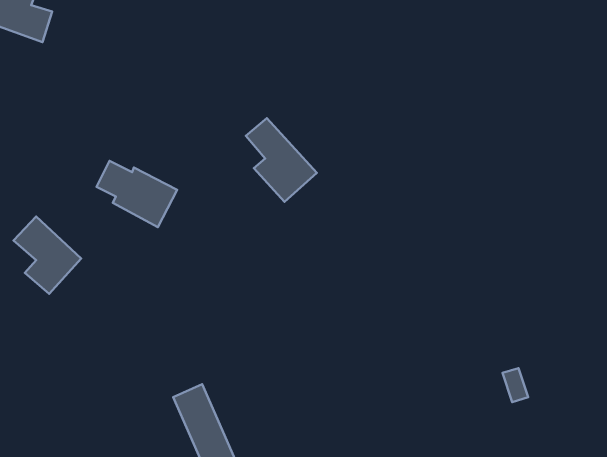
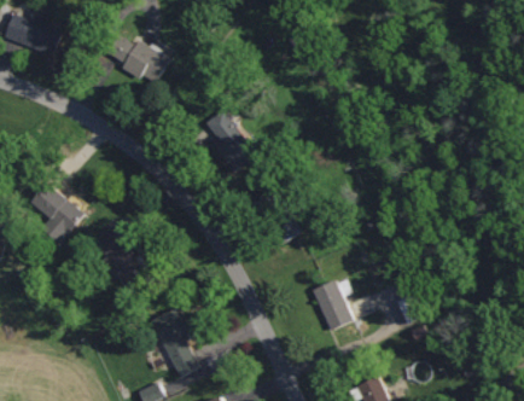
building: [97,161,177,227] -> [109,36,169,86]
building: none -> [313,280,353,331]

